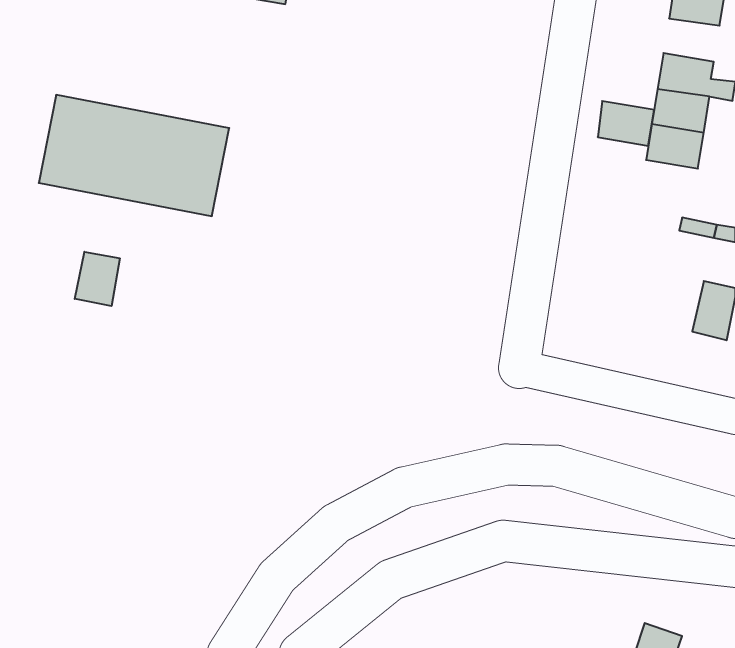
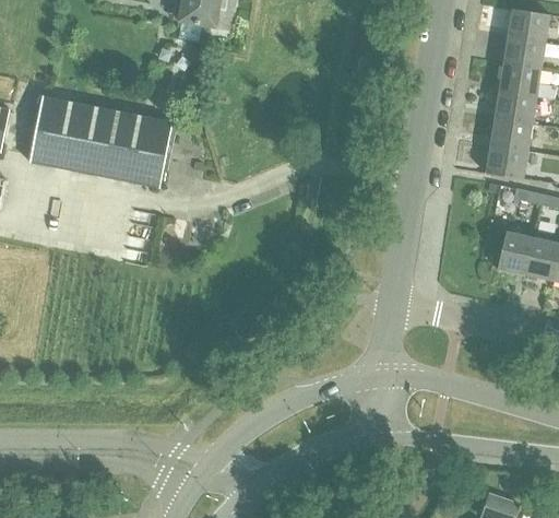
building: none -> [502,37,545,70]
building: [598,101,654,146] -> [486,144,528,178]
building: [75,252,120,306] -> none
building: none -> [497,231,533,274]

